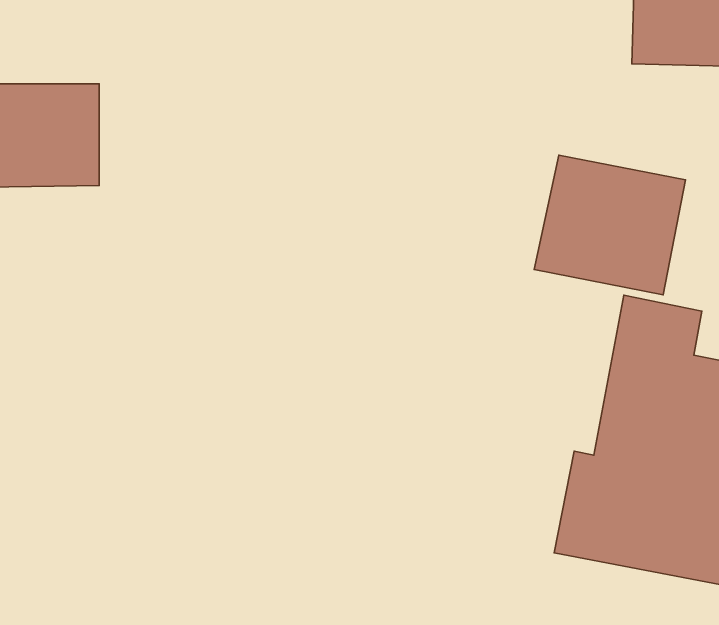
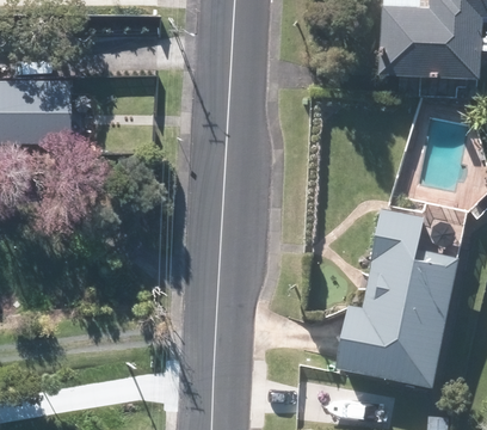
building: [534,155,686,295] -> none

